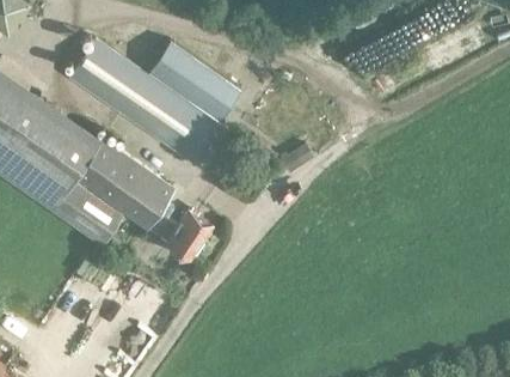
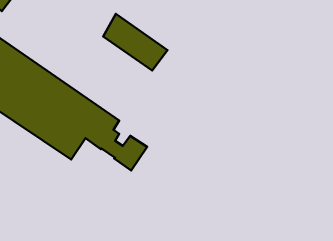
building: [67,37,216,162] -> none

